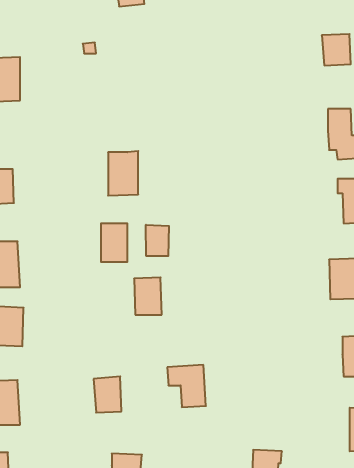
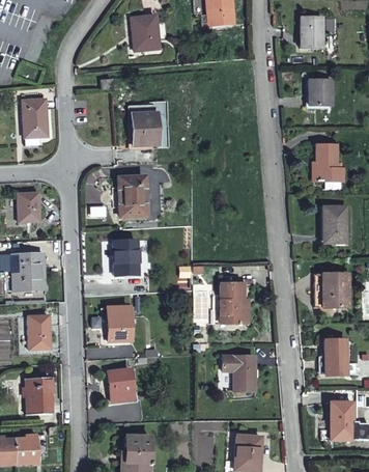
building: none -> [131,114,157,146]
building: [146,225,169,256] -> none
building: none -> [225,281,252,323]
building: [134,277,162,315] -> [109,305,133,337]
building: [167,365,206,407] -> [230,353,263,389]

